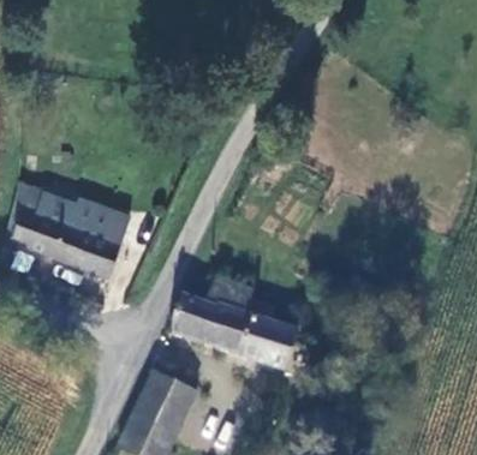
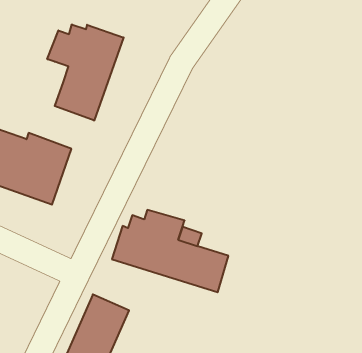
building: none -> [47,24,124,121]

